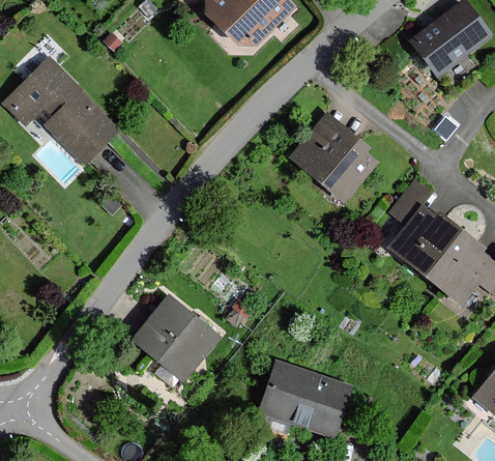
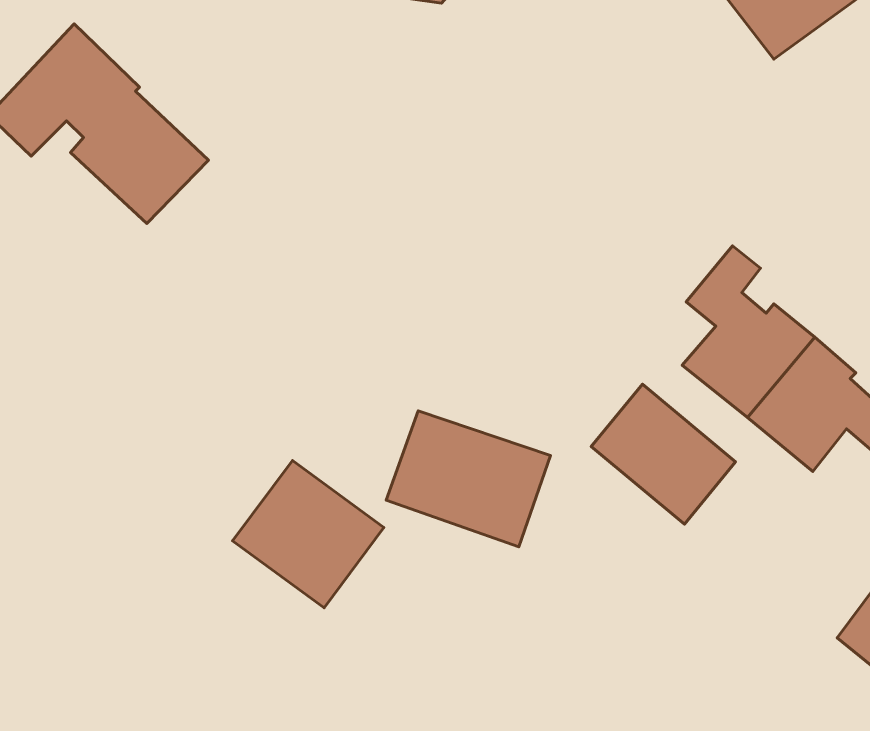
building: [289,112,375,200] -> none
building: none -> [591,384,736,524]
building: [258,361,349,436] -> [386,411,551,547]

